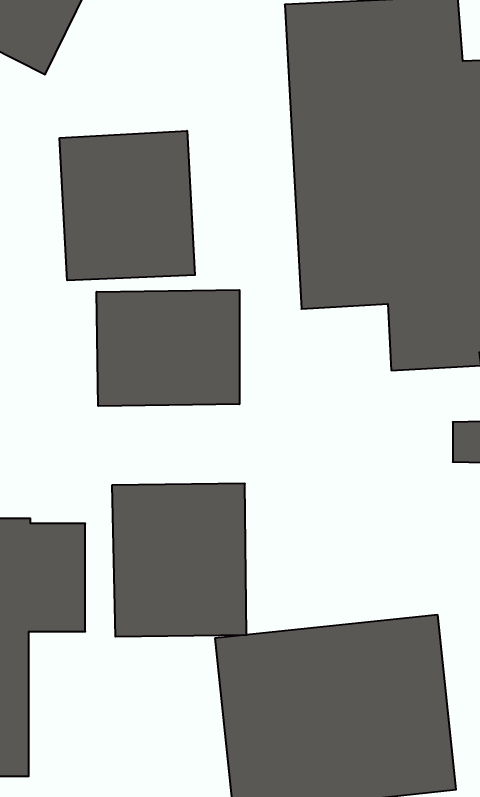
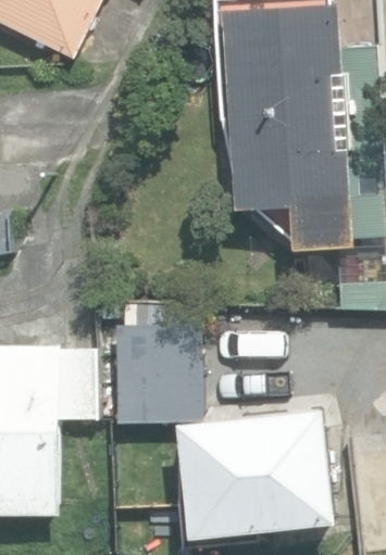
building: [60,131,195,280] -> none
building: [97,290,239,406] -> none

